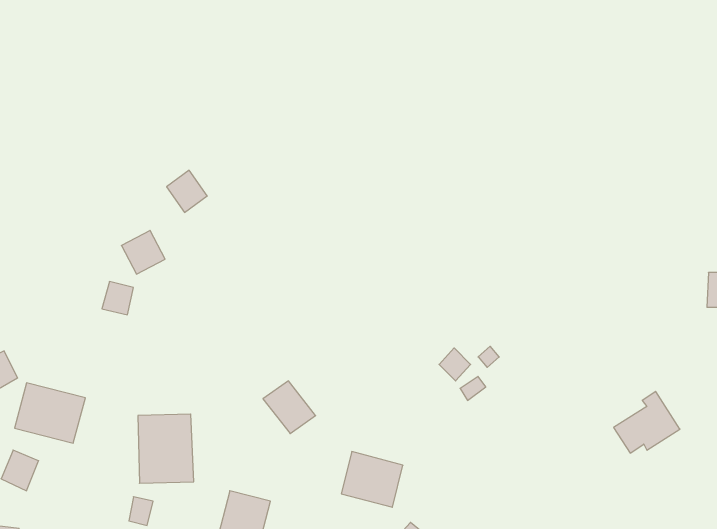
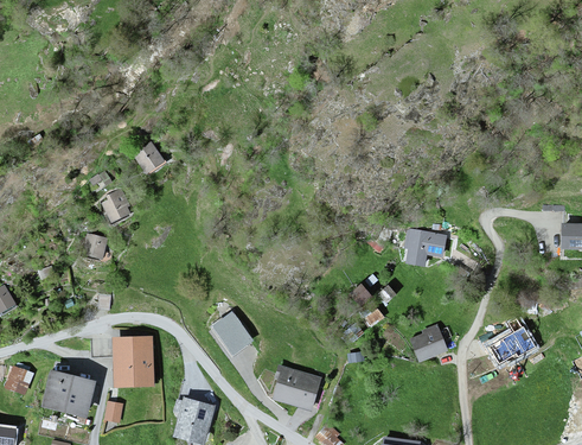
building: none -> [403,230,430,267]
building: [15,383,85,443] -> [40,371,96,419]
building: none -> [409,323,447,361]

